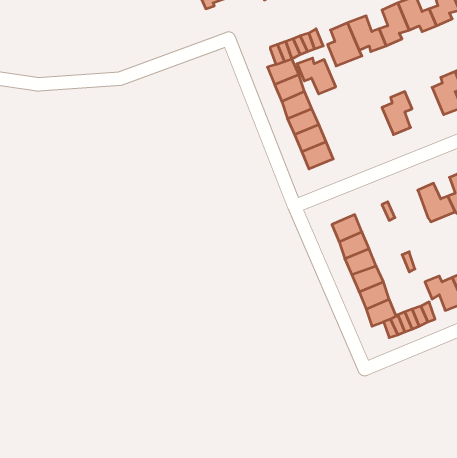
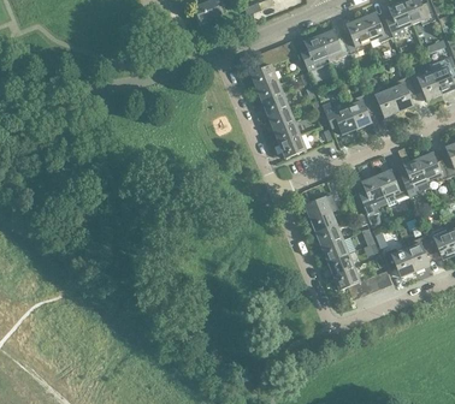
building: [297,58,336,94] -> [324,105,356,135]
building: none -> [366,88,398,117]
building: none -> [360,176,385,212]

